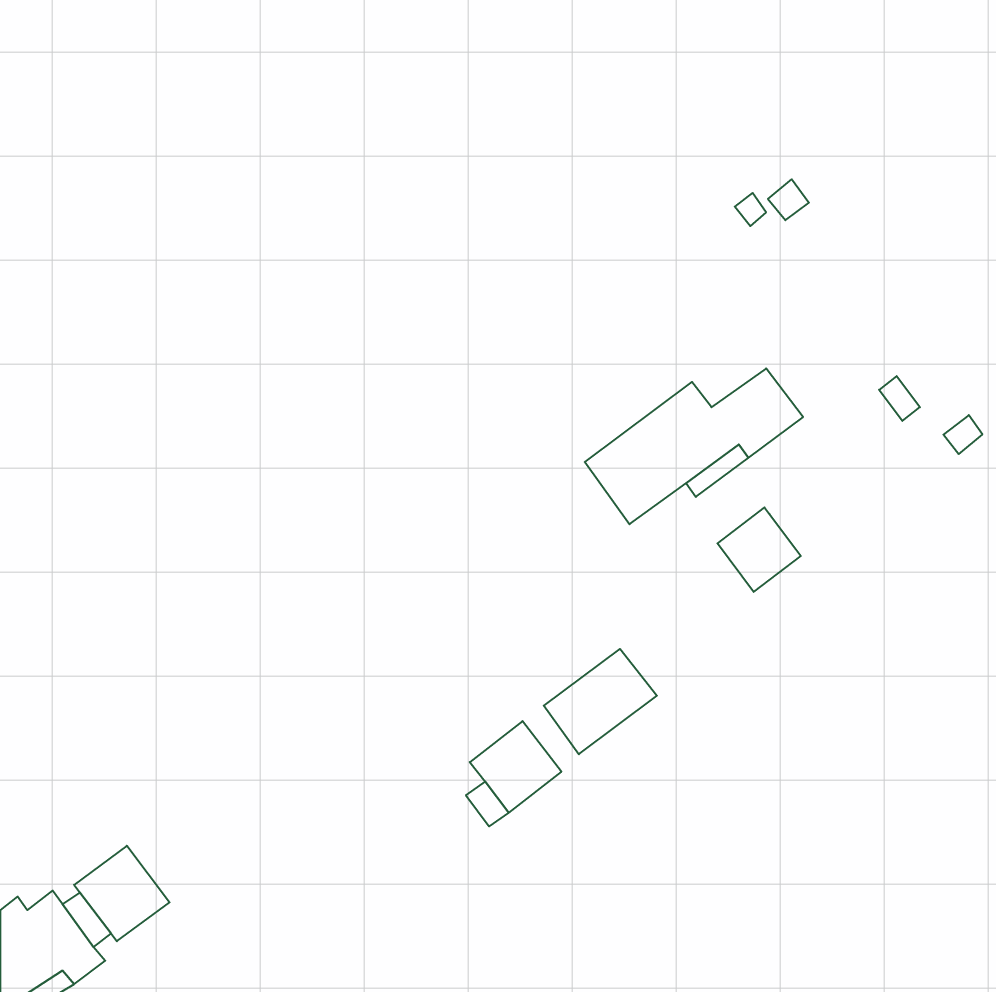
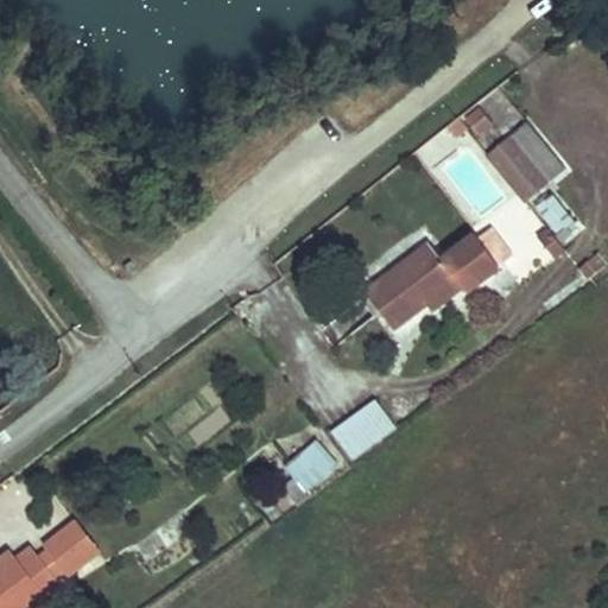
building: none -> [486,124,566,207]
building: [717,507,801,592] -> none

